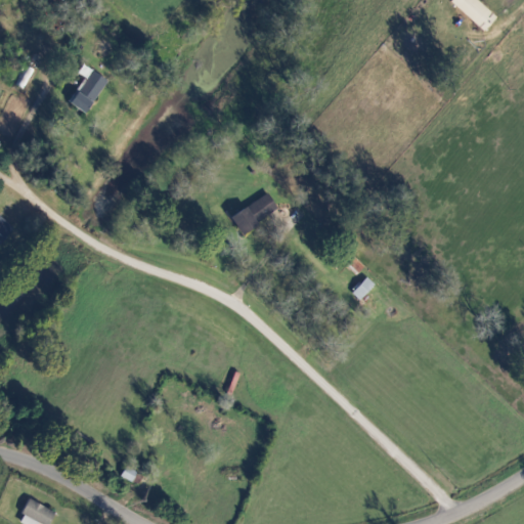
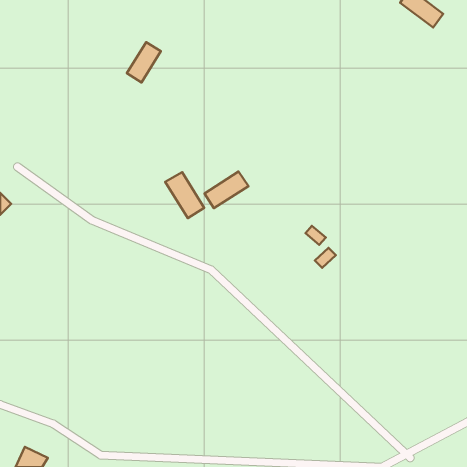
building: [71,69,108,114] -> [127,42,161,82]
building: none -> [165,172,204,218]

